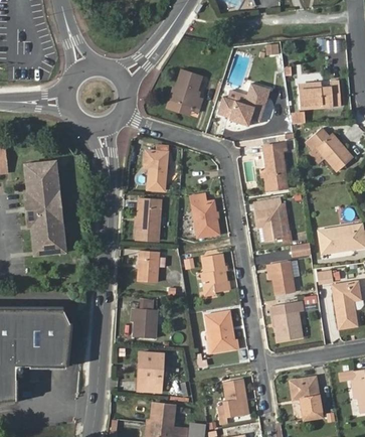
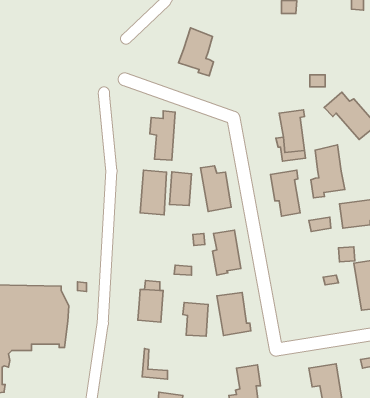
building: [299,81,341,108] -> none
building: [218,84,269,126] -> none
building: [20,161,61,257] -> none
building: none -> [311,145,345,198]
building: [139,251,159,282] -> [170,172,191,206]
building: [270,262,295,295] -> none
building: [273,302,303,341] -> none
building: [140,352,163,384] -> [183,302,208,336]

